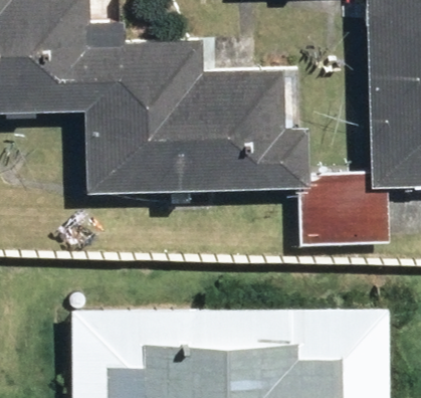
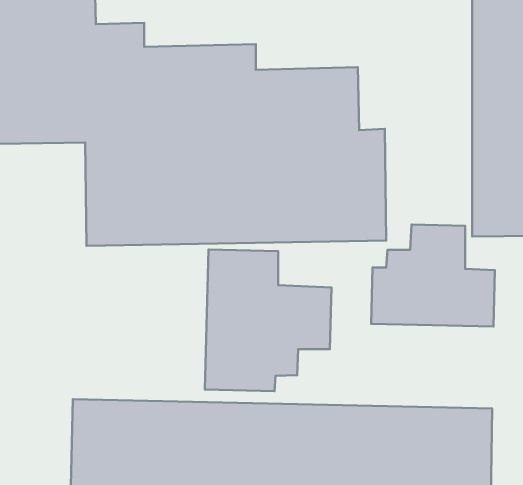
building: none -> [205,250,331,391]

